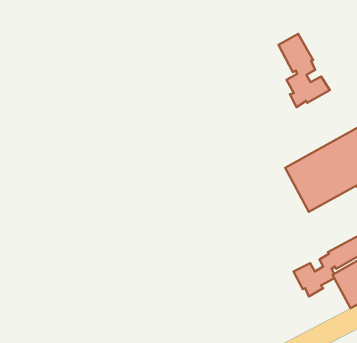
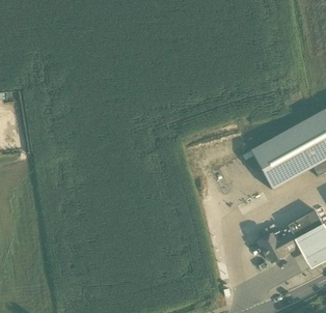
building: [279,34,330,107] -> none

